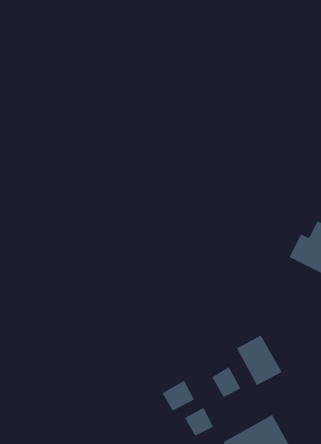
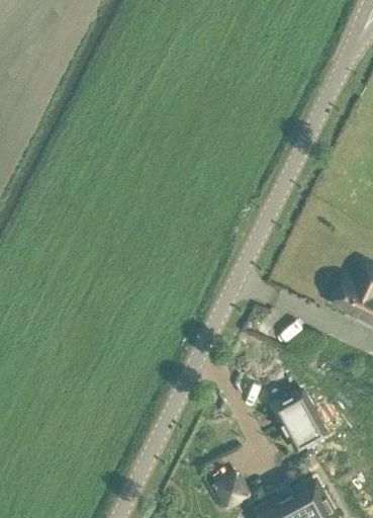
building: [212,366,241,398] -> none
building: [162,380,195,412] -> none

